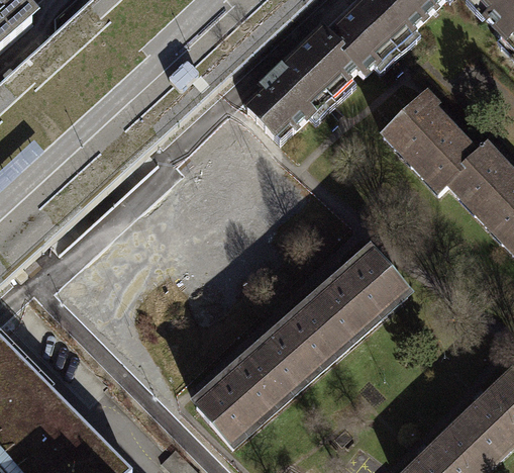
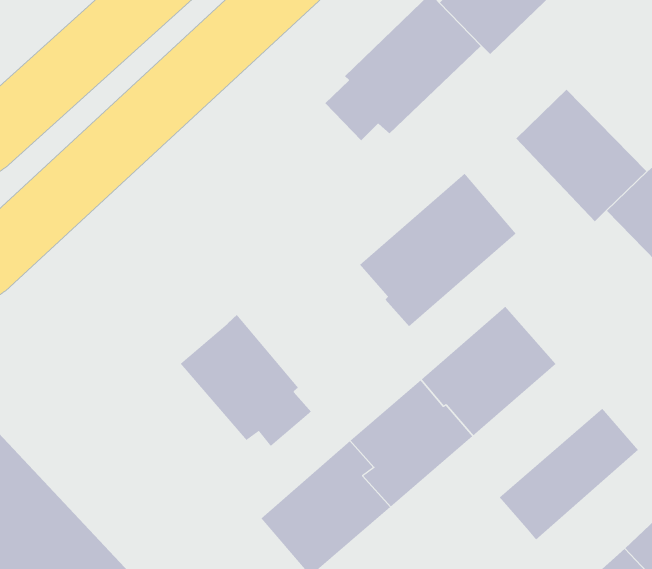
building: none -> [359,173,517,327]
building: none -> [180,314,312,447]
building: none -> [499,408,639,541]

